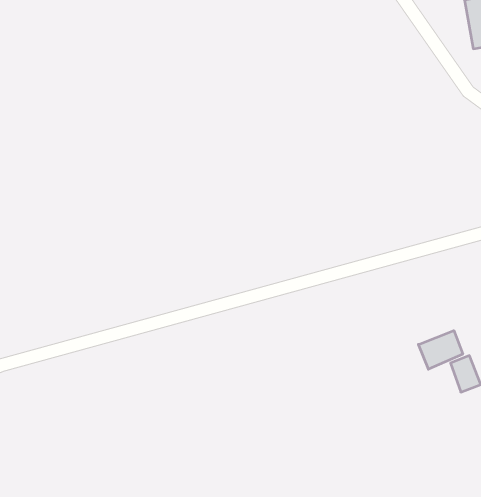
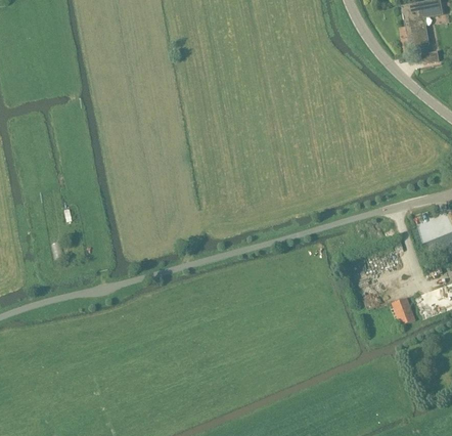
building: [418,331,463,369] -> none

